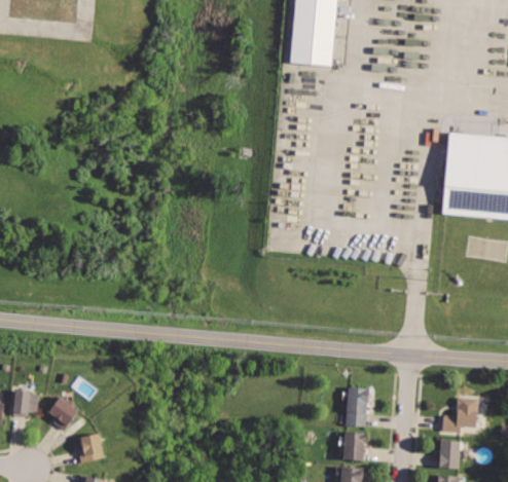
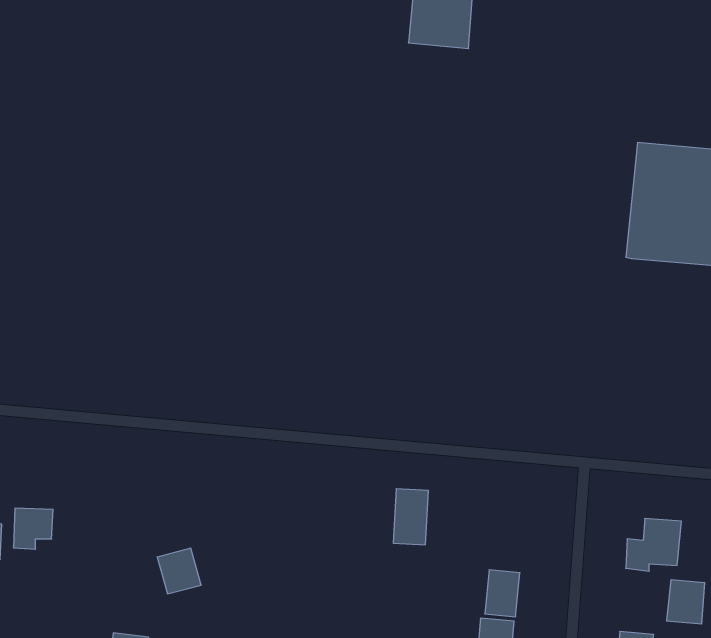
building: [344,387,369,427] -> [393,489,428,545]
building: [47,398,80,434] -> none
building: [75,433,106,465] -> [157,548,201,594]
building: [436,439,463,470] -> [667,580,705,624]

